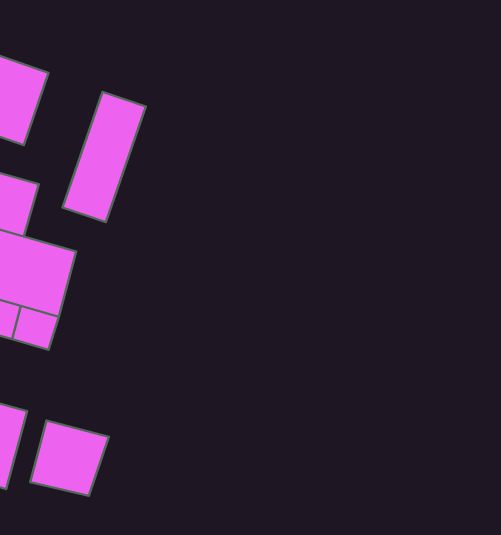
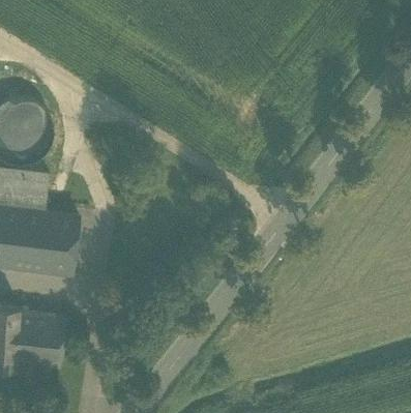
building: [63,92,146,222] -> none
building: [30,421,109,496] -> none

